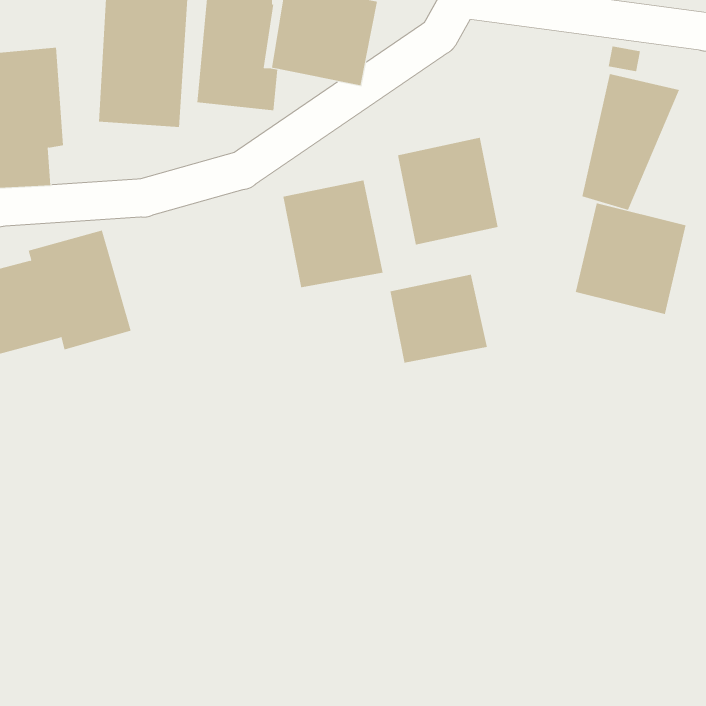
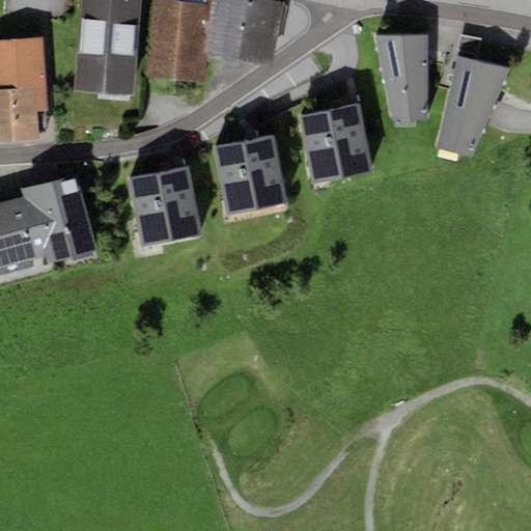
building: none -> [375,33,427,120]
building: [575,202,686,315] -> none
building: none -> [128,166,201,245]
building: [390,274,487,364] -> none

